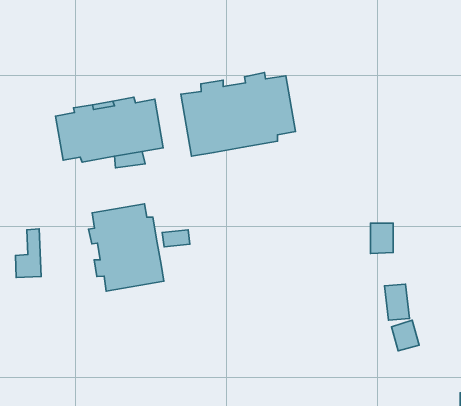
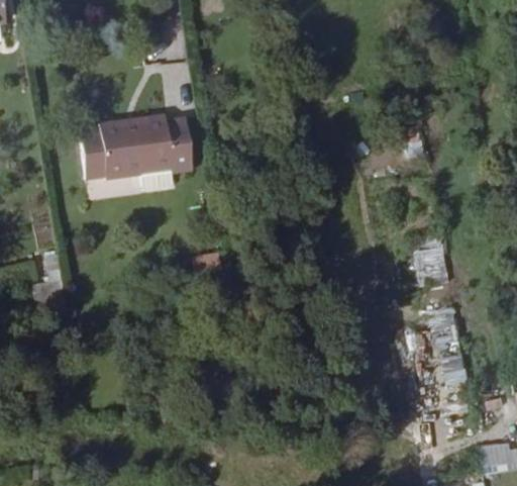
building: [181,73,296,156] -> none
building: [89,204,164,291] -> none

